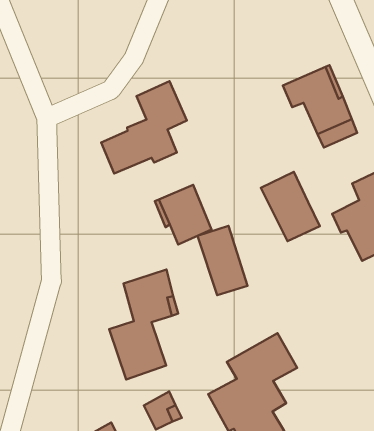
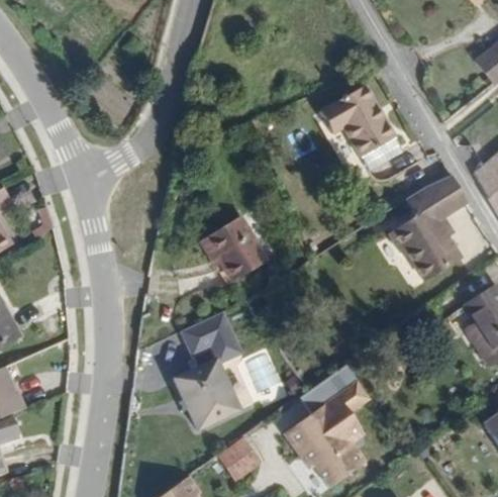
building: [101,81,187,174] -> none
building: [261,172,320,241] -> none
building: [197,226,248,295] -> none

